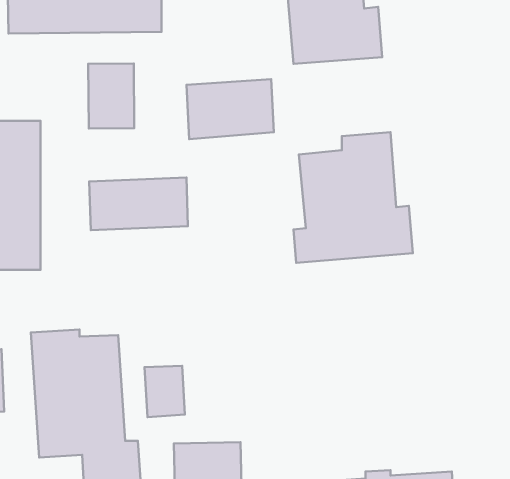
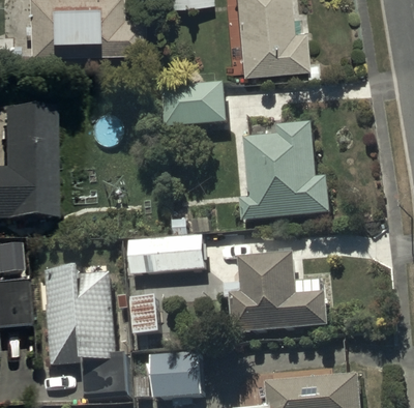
building: [88,63,134,128] -> none
building: [89,177,188,230] -> [130,232,204,271]
building: none -> [221,253,329,329]

